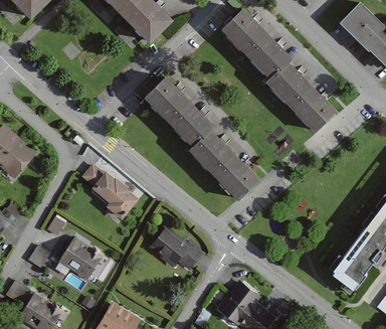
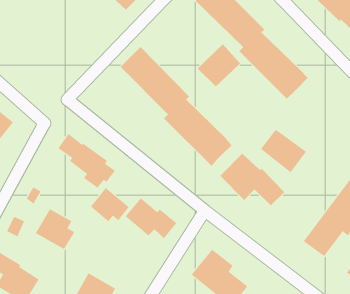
building: none -> [197,43,241,87]
building: none -> [260,129,307,173]
building: none -> [220,153,285,206]
building: none -> [90,187,129,222]

